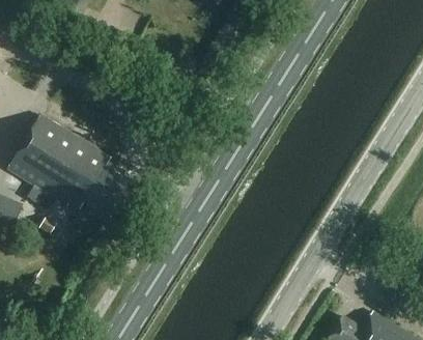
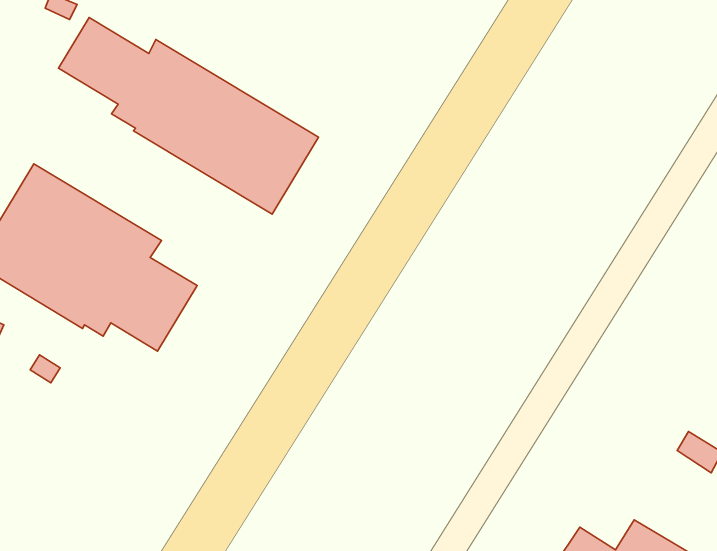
building: none -> [58,17,318,214]

